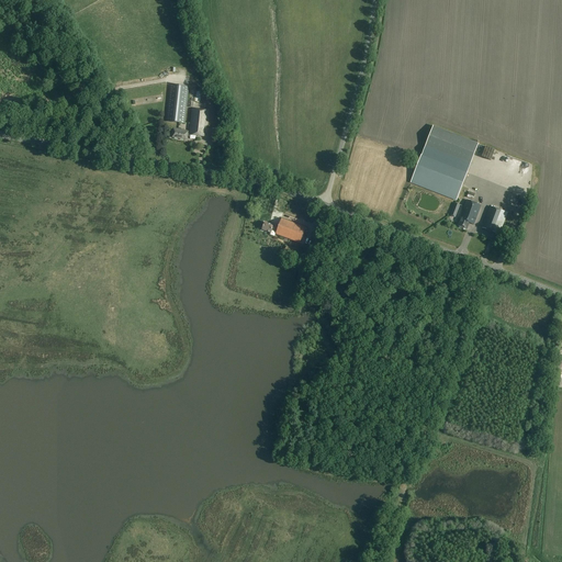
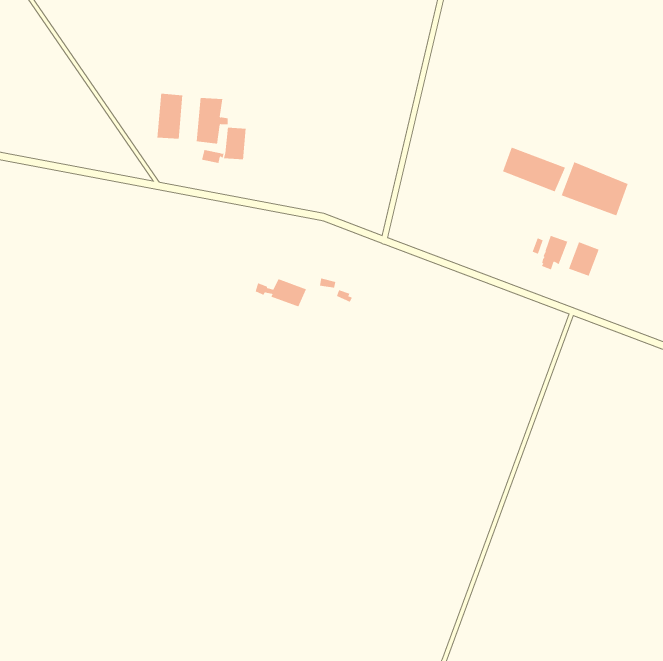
building: none -> [157,93,183,139]
building: [409,153,467,199] -> [561,162,628,216]
building: [262,217,306,241] -> [255,279,307,307]

